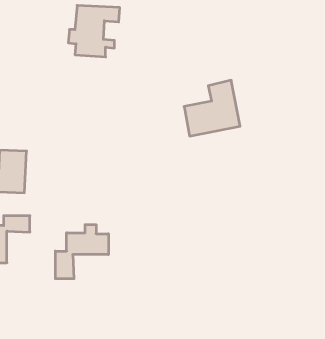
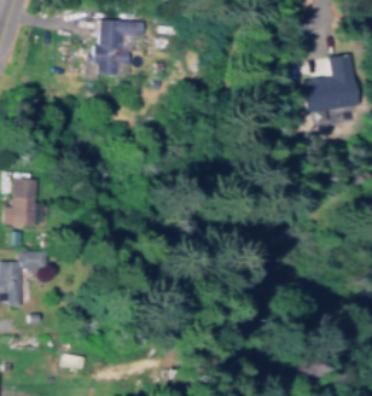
building: [184,80,240,136] -> [302,53,364,115]
building: [55,225,108,279] -> none

